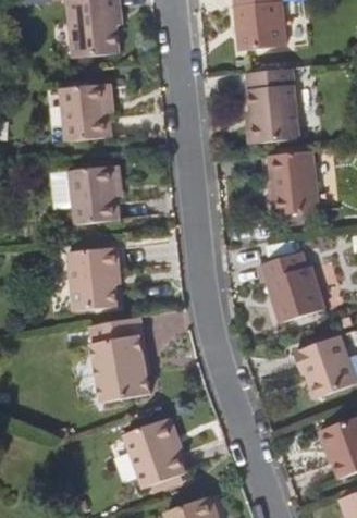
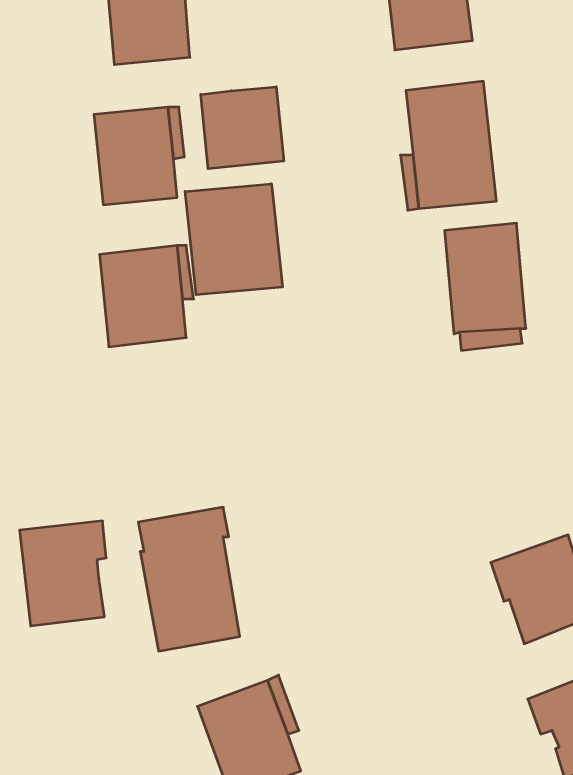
building: none -> [201,87,284,169]
building: none -> [185,184,282,295]
building: [64,248,115,310] -> [20,521,106,626]
building: [261,251,323,324] -> none

